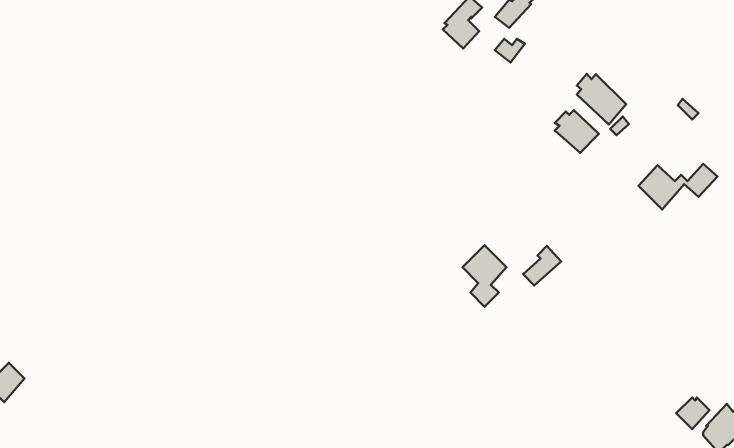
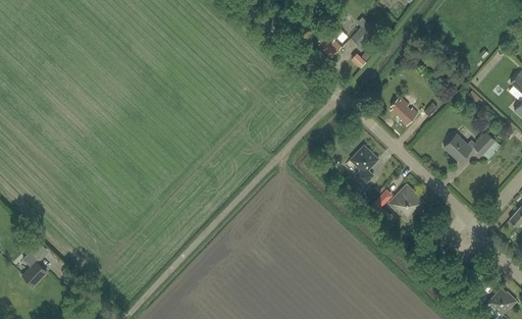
building: [577,74,626,125] -> none
building: [462,245,507,307] -> [350,145,378,184]
building: none -> [389,185,423,220]

